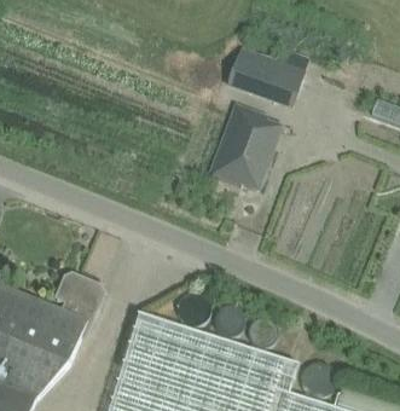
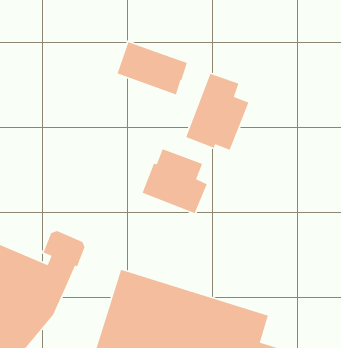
building: [227,47,303,105] -> [117,41,188,95]
building: none -> [142,148,208,214]

